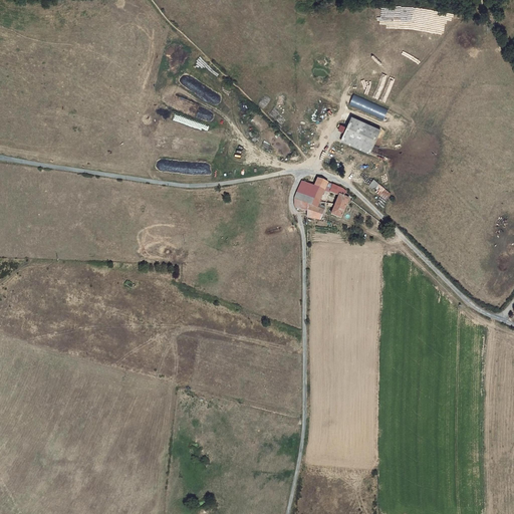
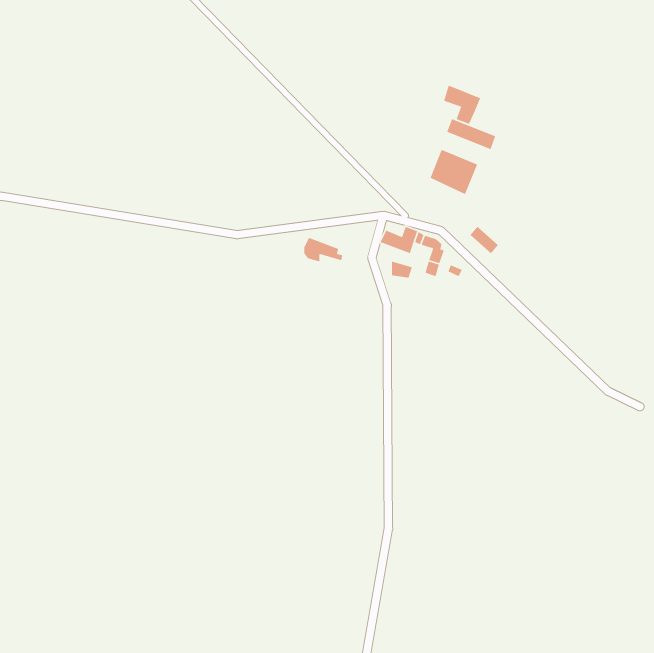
building: none -> [443,85,481,125]
building: [294,190,325,210] -> [303,237,343,263]

